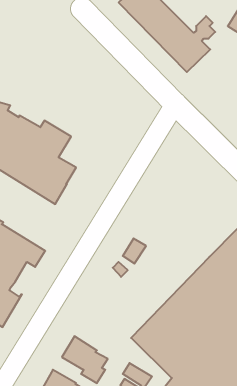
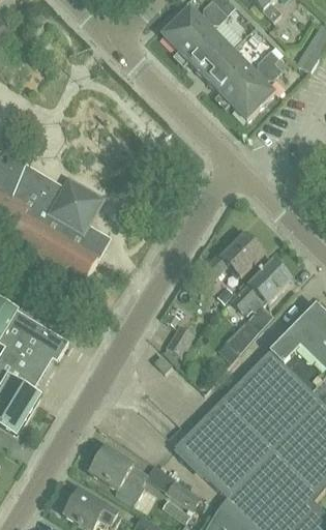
building: none -> [202,232,264,276]
building: none -> [230,260,290,313]
building: none -> [225,319,258,353]

